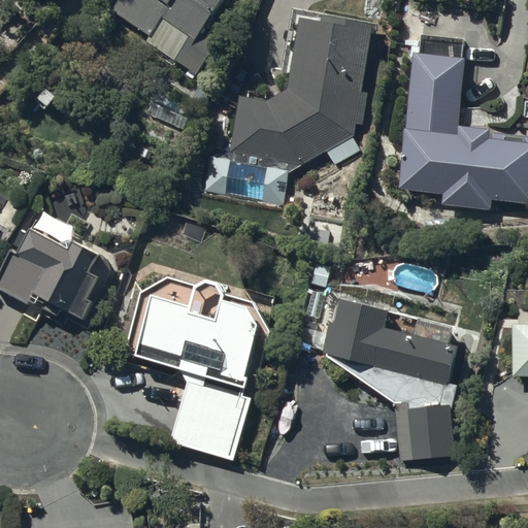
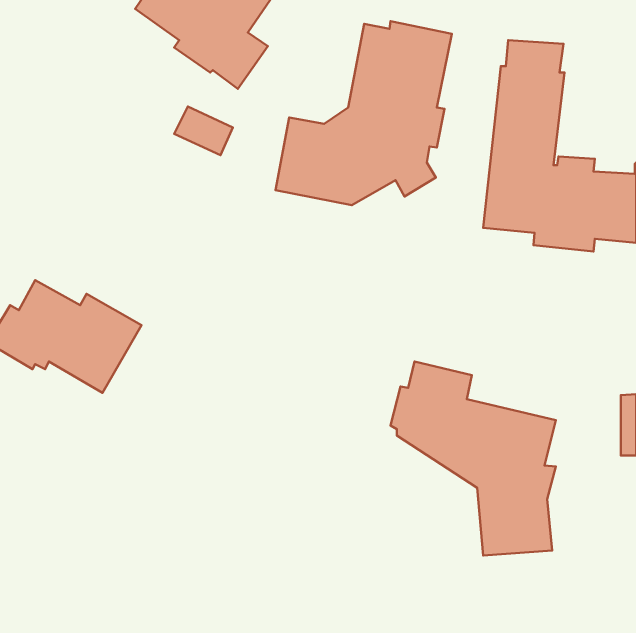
building: [124,278,269,459] -> none

